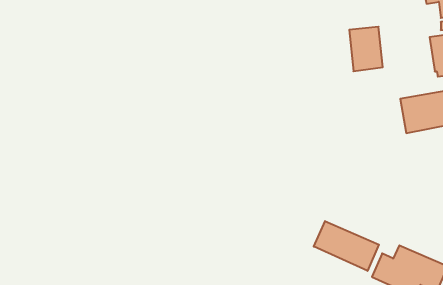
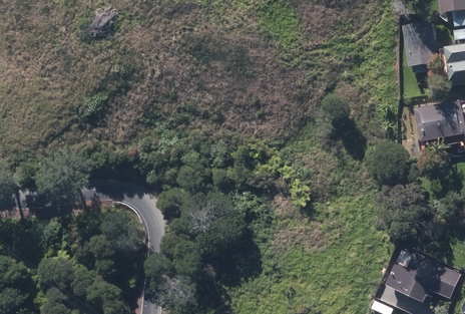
building: [349,27,383,71] -> [404,23,437,67]
building: [314,221,379,271] -> none

